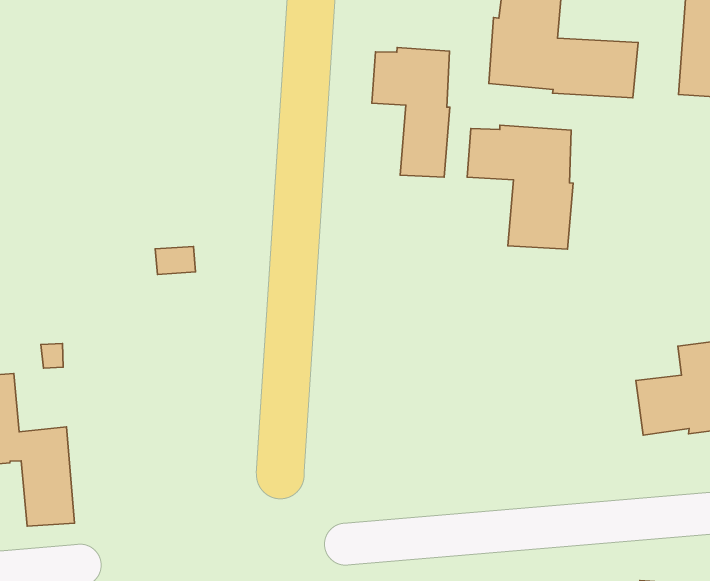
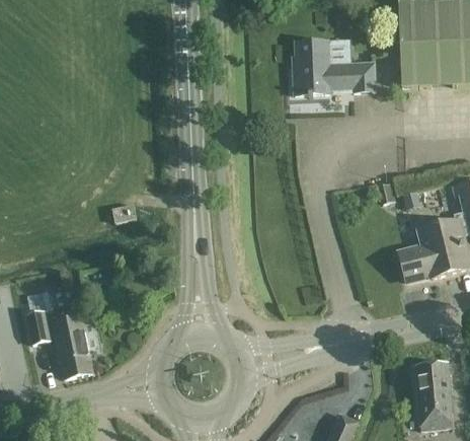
building: [372,47,450,177] -> none
building: [467,125,573,249] -> none

